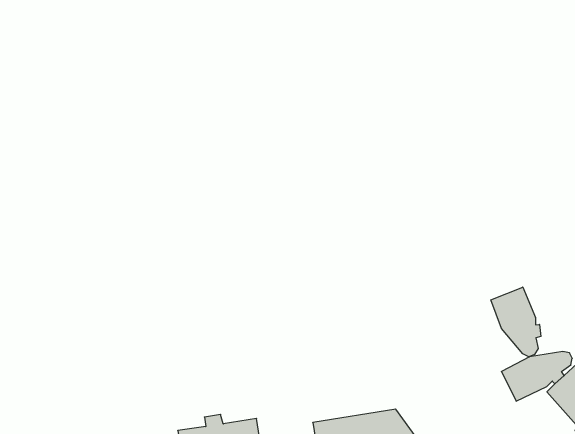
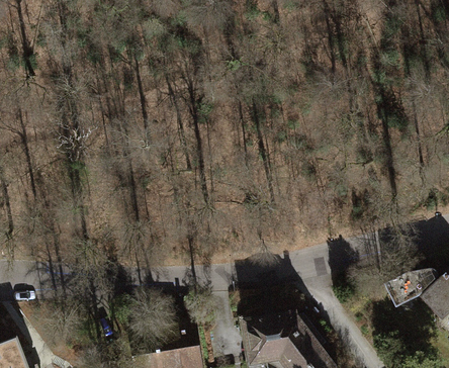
building: [491,287,541,357] -> none

